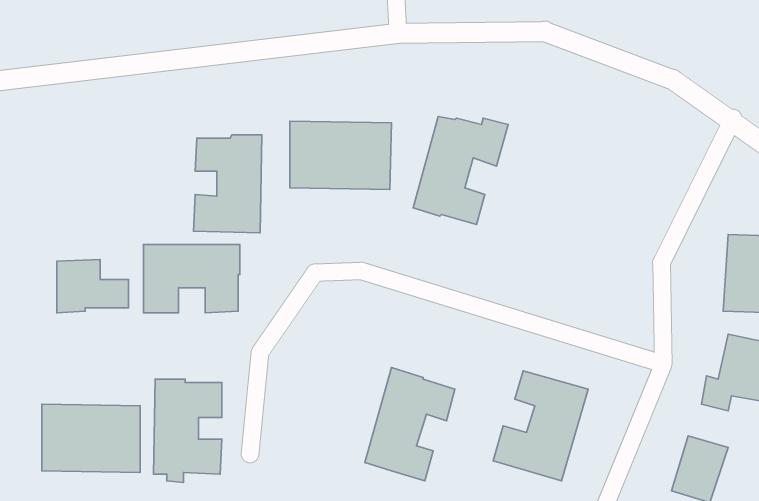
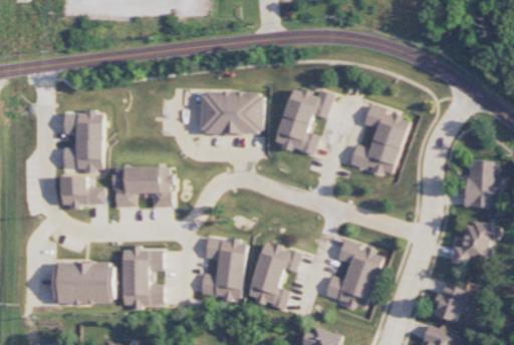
building: [194,135,262,233] -> [62,111,103,170]
building: none -> [349,107,408,176]
building: none -> [197,238,246,302]

